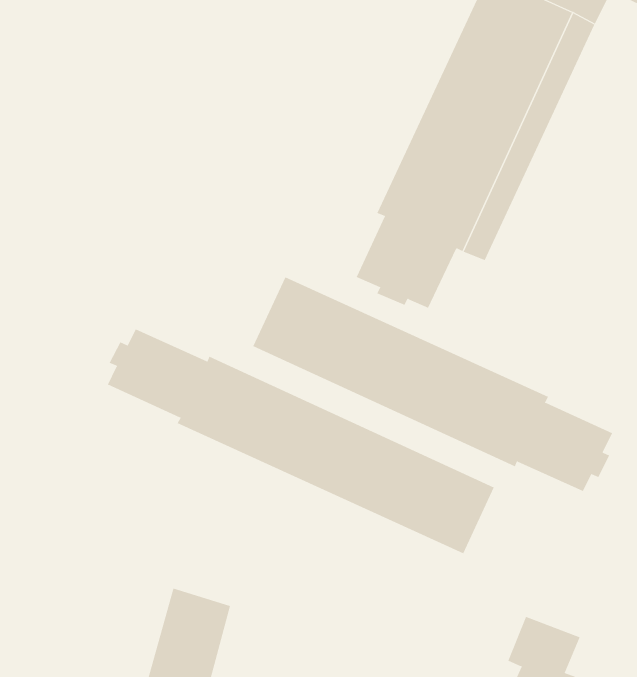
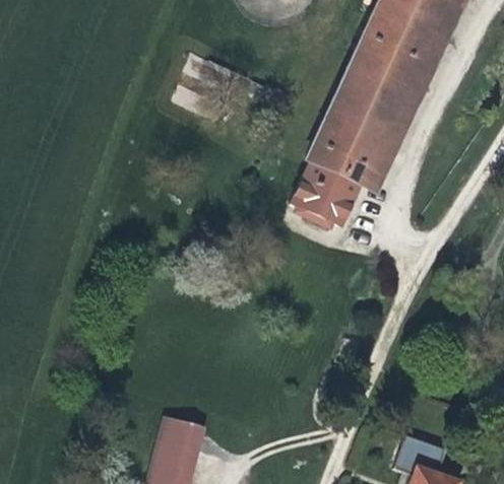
building: [252,276,613,492] -> none
building: [107,329,495,554] -> none

